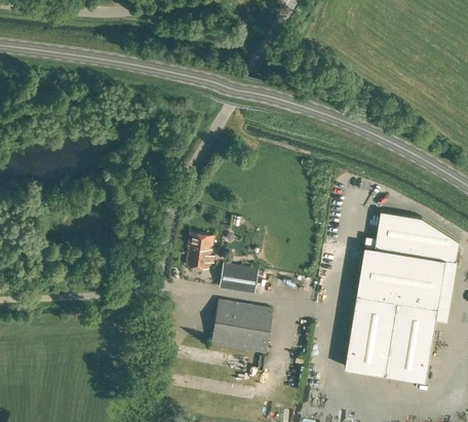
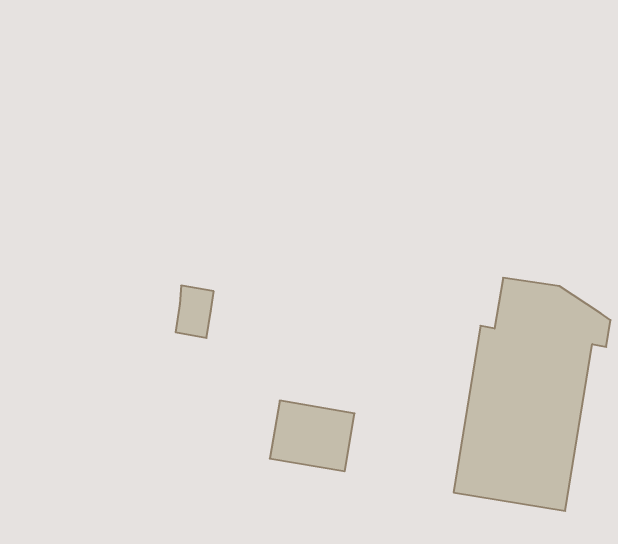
building: [186,232,213,270] -> [176,286,214,338]
building: [220,264,258,294] -> none

